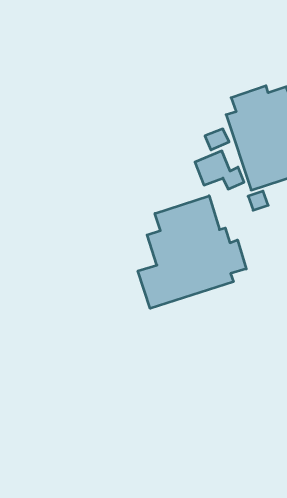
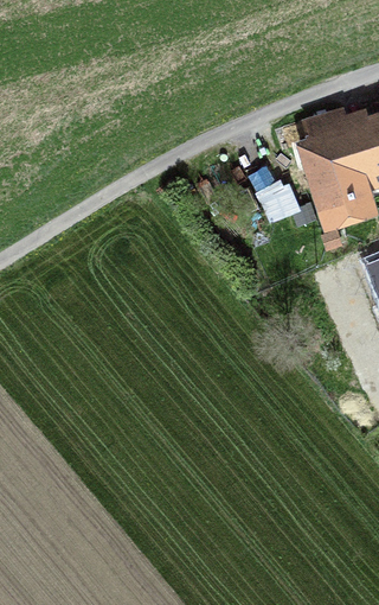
building: [138,196,246,308] -> none

